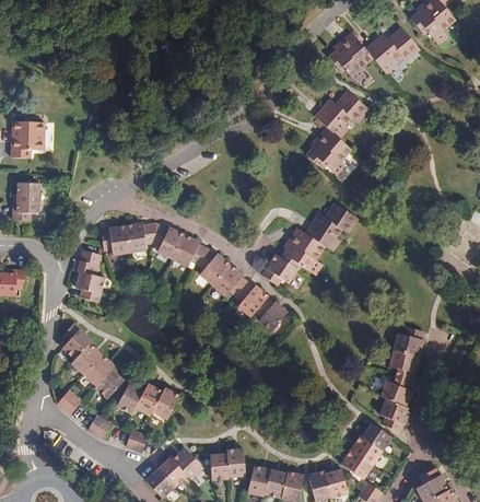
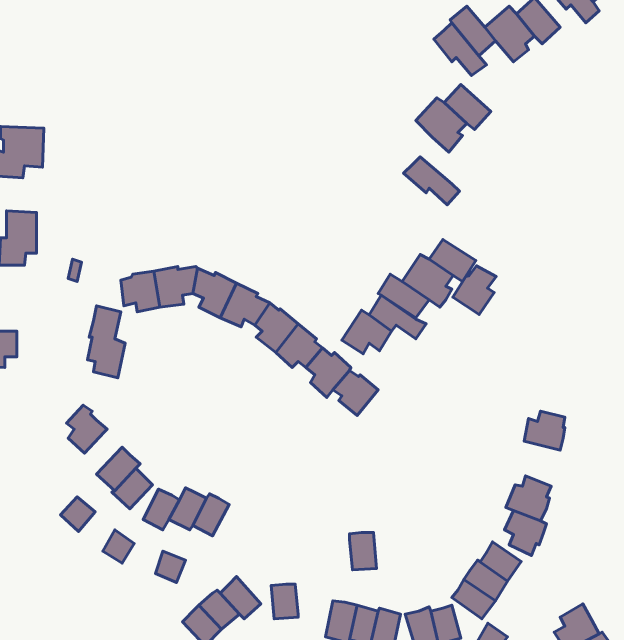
building: [315,128,352,162] -> none
building: none -> [453,266,496,314]
building: [71,342,102,373] -> none
building: [389,349,420,382] -> none
building: [227,447,247,475] -> [349,532,377,570]

